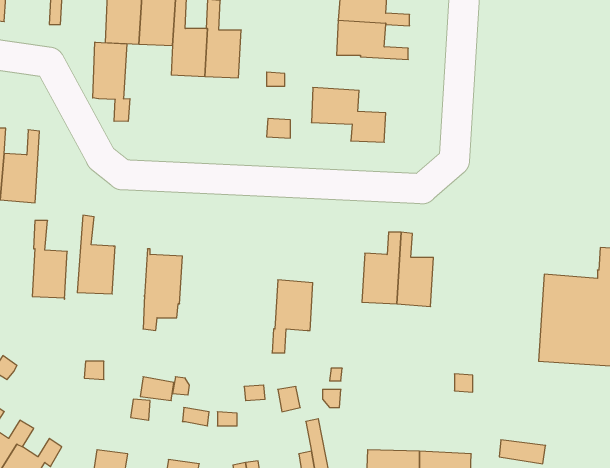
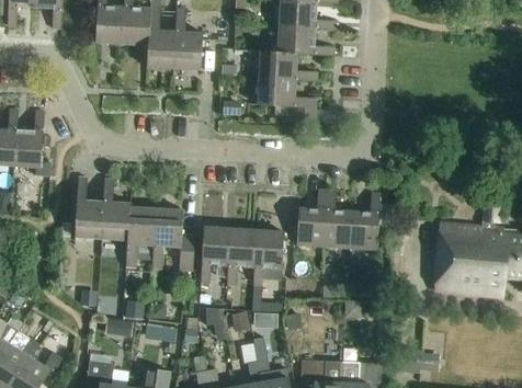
building: [93,42,130,121] -> none
building: none -> [258,50,316,80]
building: [32,221,67,299] -> [101,179,128,240]
building: none -> [350,192,379,249]
building: none -> [151,208,193,270]
building: none -> [201,226,230,283]
building: none -> [252,229,284,285]

